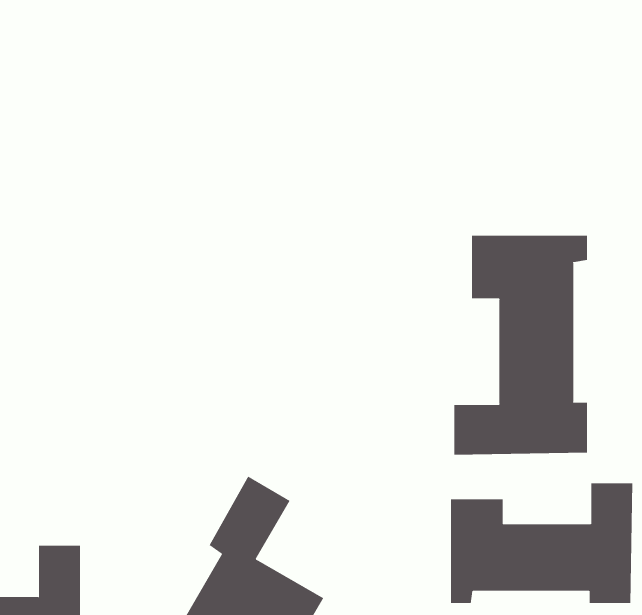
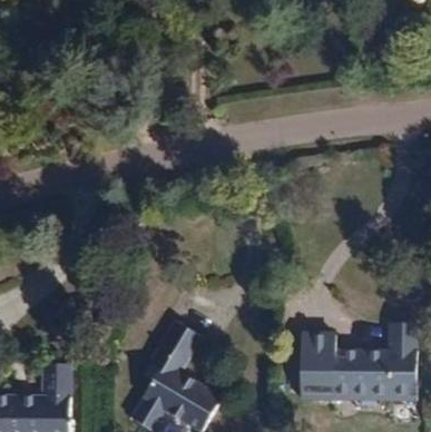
building: [454,235,588,455] -> none

